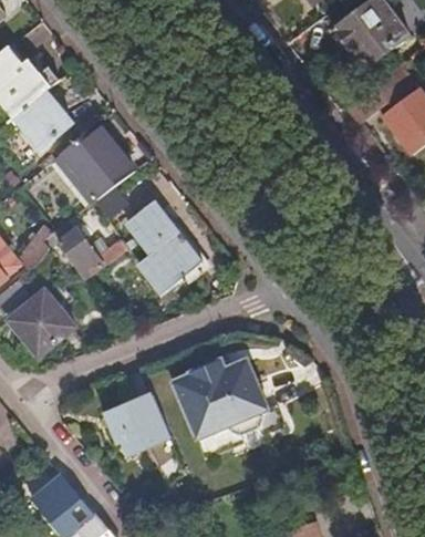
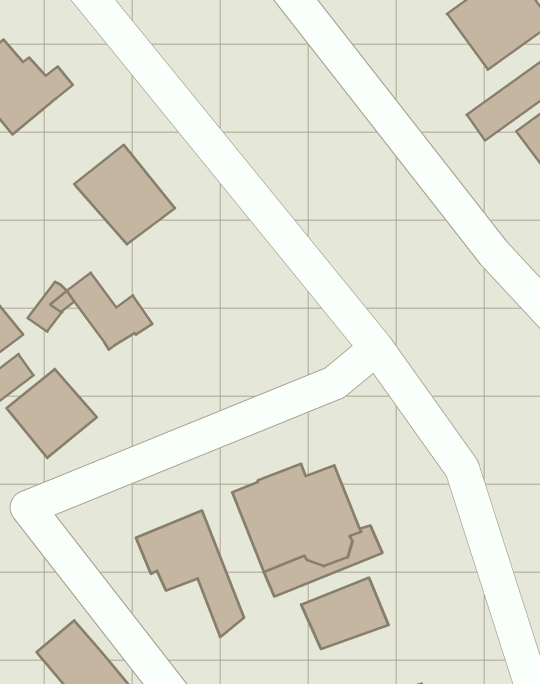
building: [12,90,69,148] -> none
building: [124,200,198,292] -> none
building: none -> [301,578,389,649]

